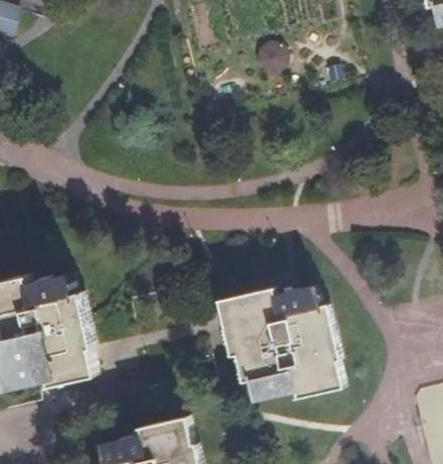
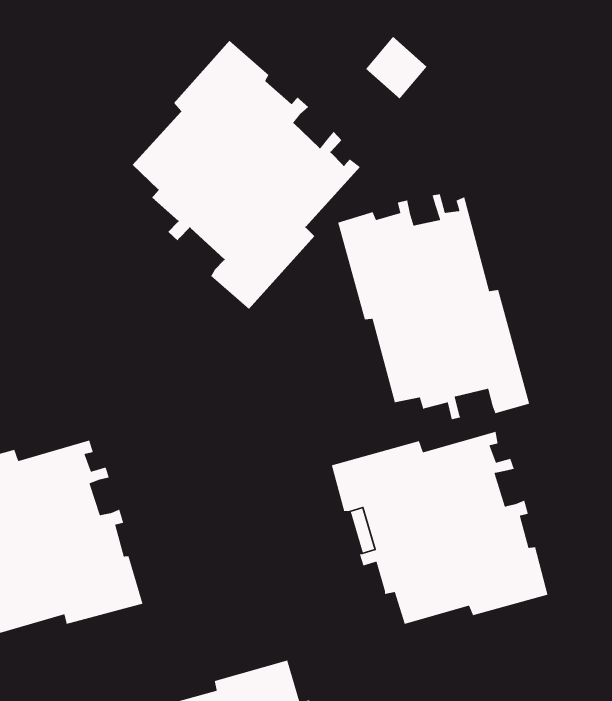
building: none -> [132,40,361,310]
building: none -> [337,193,530,420]

